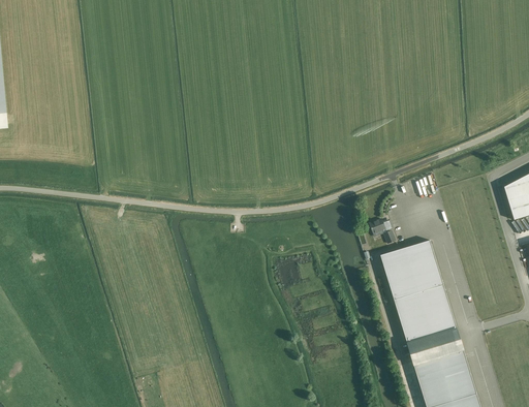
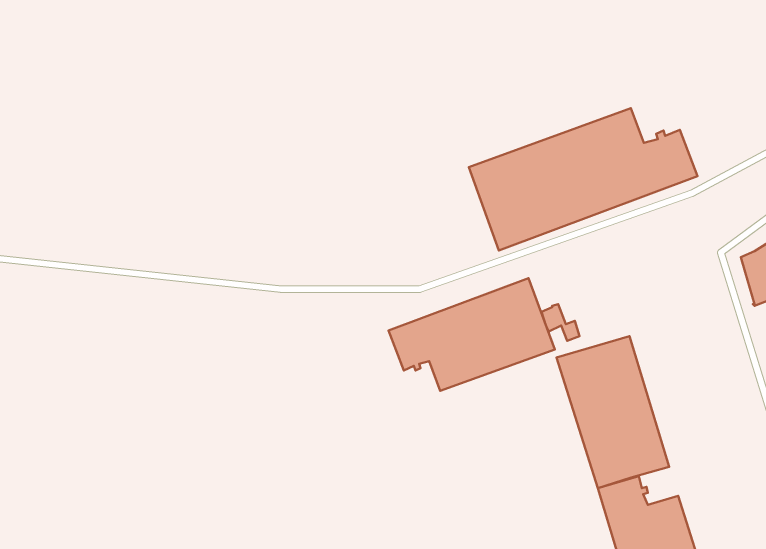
building: none -> [469,108,697,250]
building: none -> [389,278,555,391]

